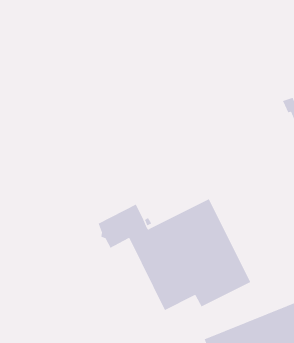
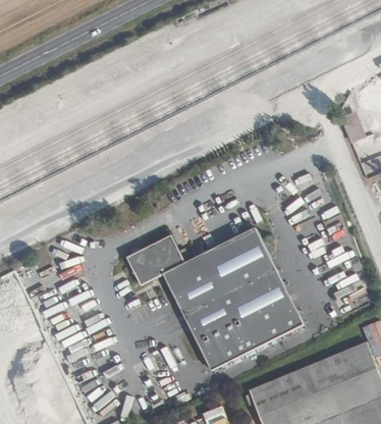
building: none -> [205,340,247,371]

